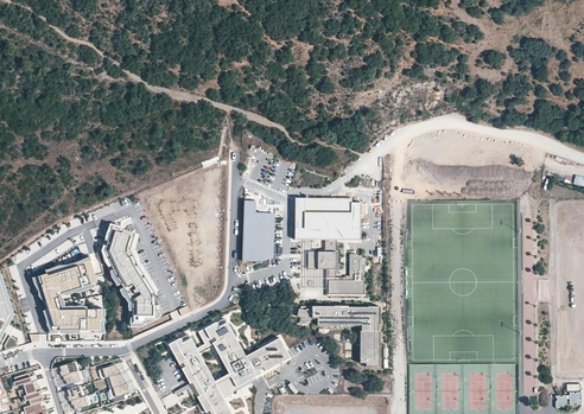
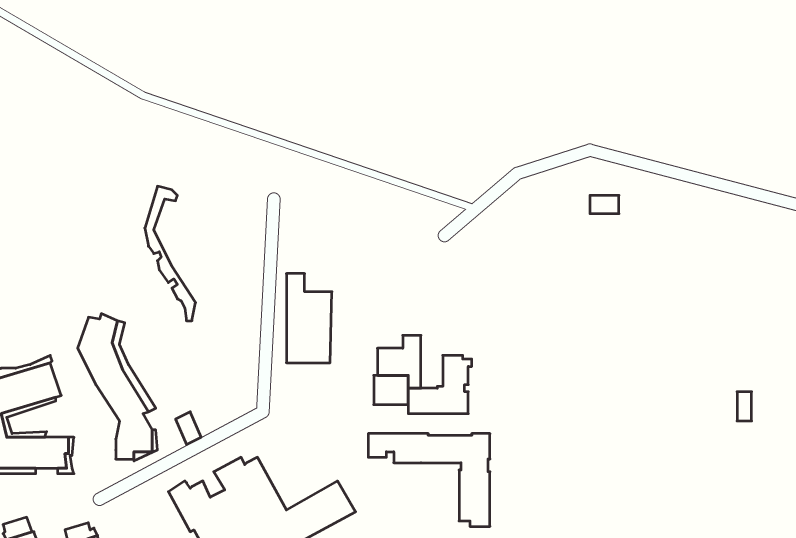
building: [293,198,358,238] -> none
building: [102,222,135,310] -> [145,186,196,321]

